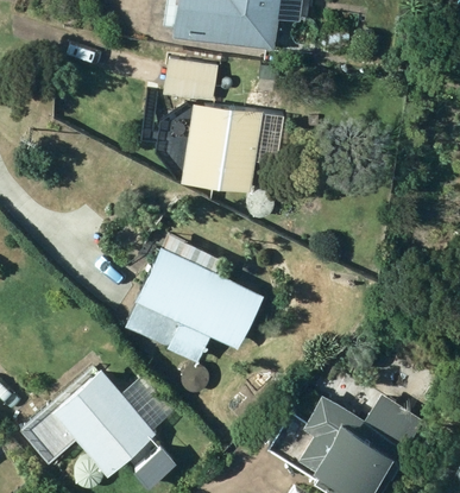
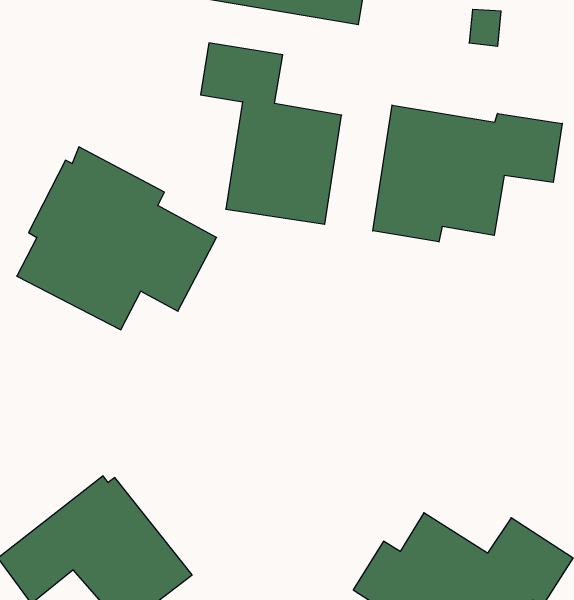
building: none -> [373,105,562,242]
building: [124,234,265,364] -> [17,147,217,330]

